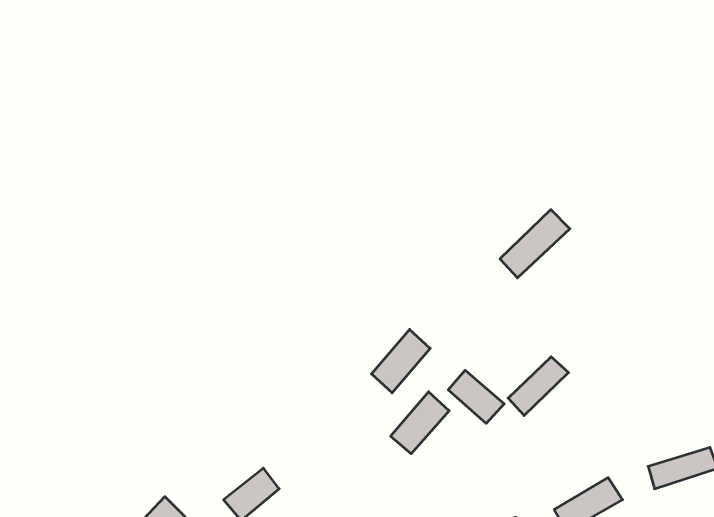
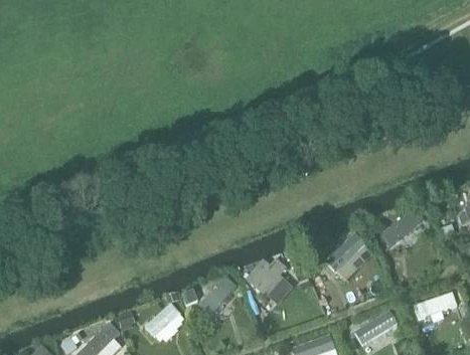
building: [500,210,570,278] -> [379,204,424,247]
building: [371,329,430,393] -> [198,278,236,318]
building: [448,370,504,423] -> none

